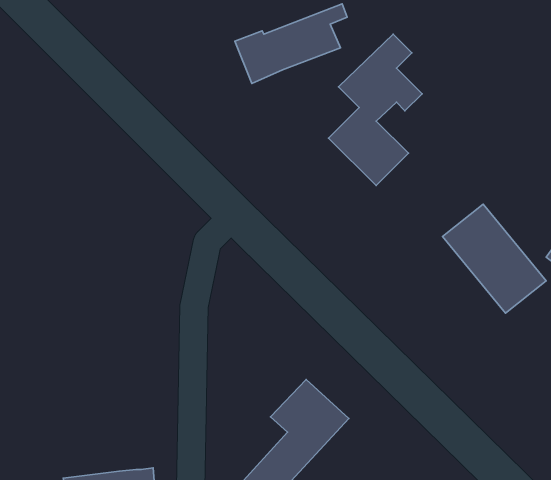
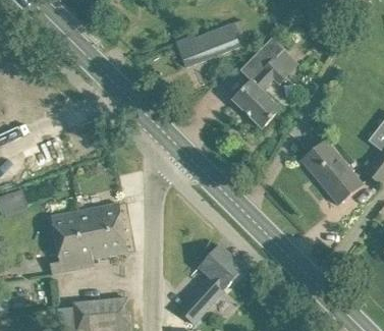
building: none -> [49,203,127,274]

